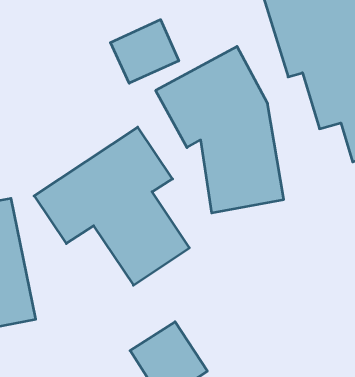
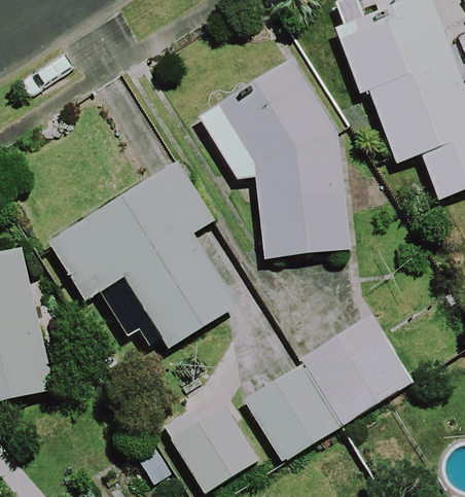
building: [110,20,179,83] -> none
building: none -> [249,310,416,456]

